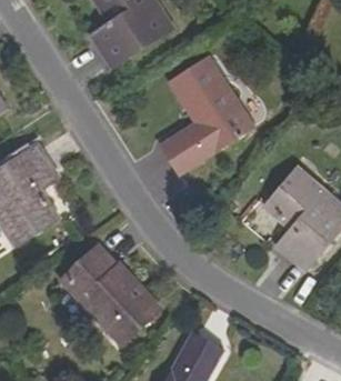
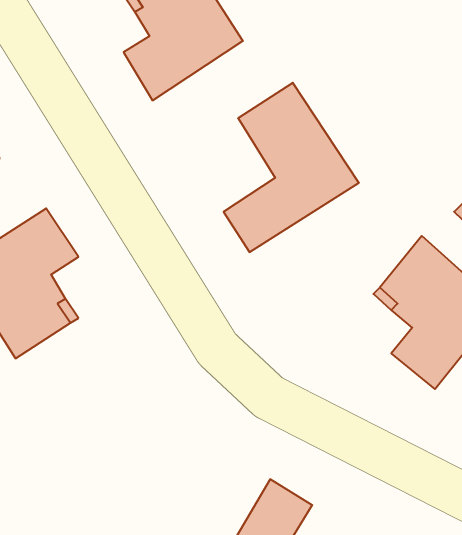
building: [59,247,158,347] -> none

